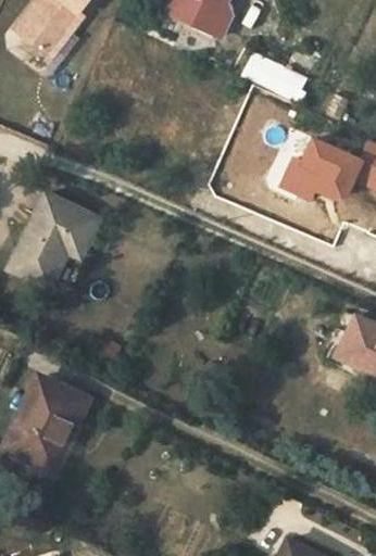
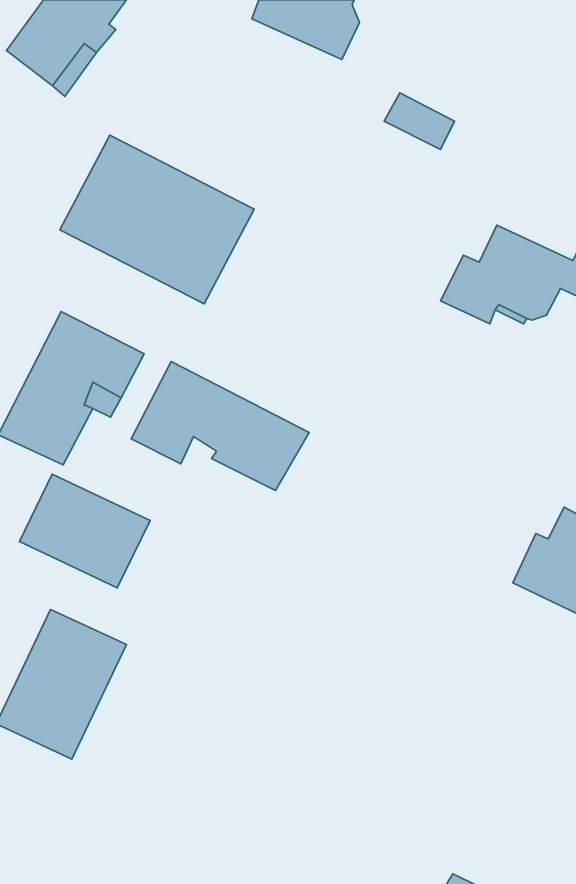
building: none -> [60,135,254,304]
building: none -> [131,362,309,490]
building: none -> [19,474,150,588]

